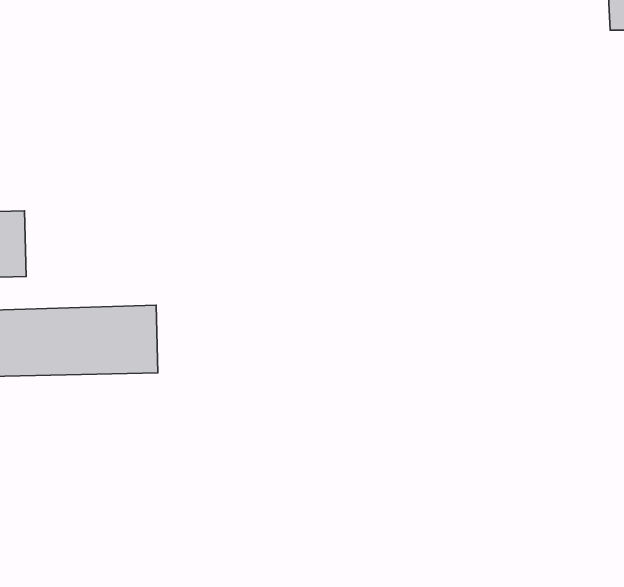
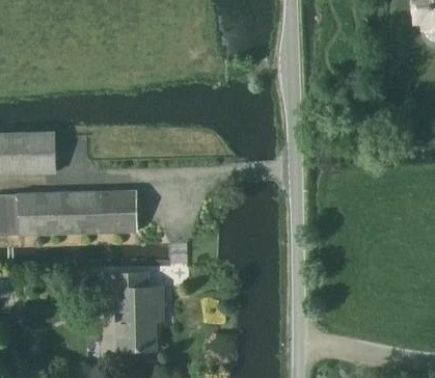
building: none -> [107,272,155,350]

